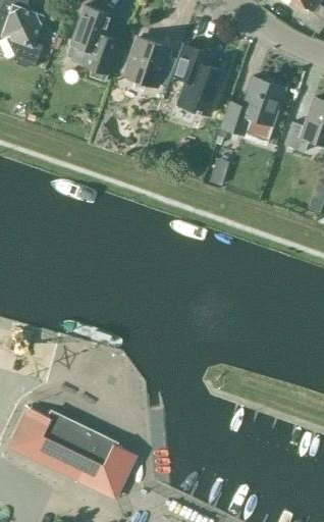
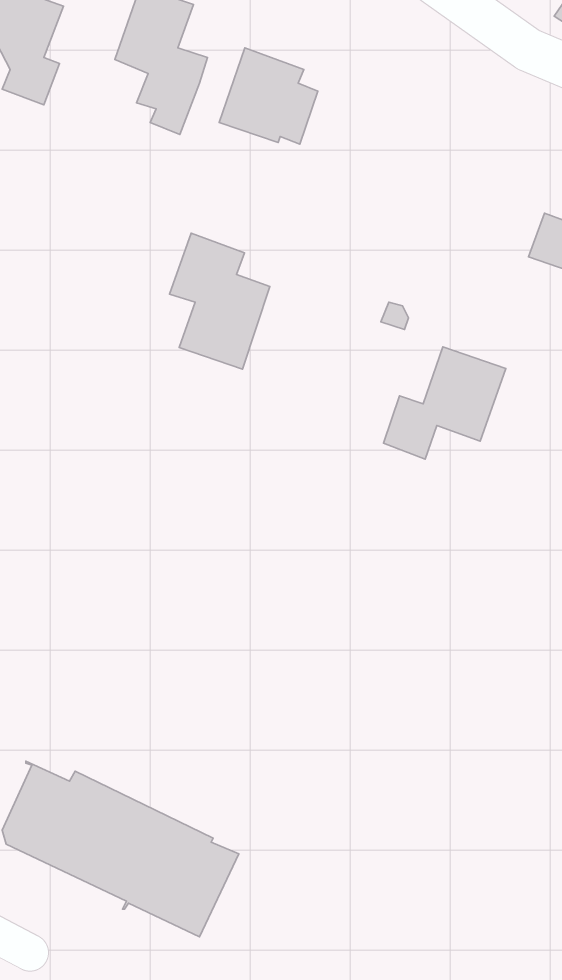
building: [172,44,224,114] -> [169,233,270,369]
building: [221,76,284,135] -> [384,347,506,459]

